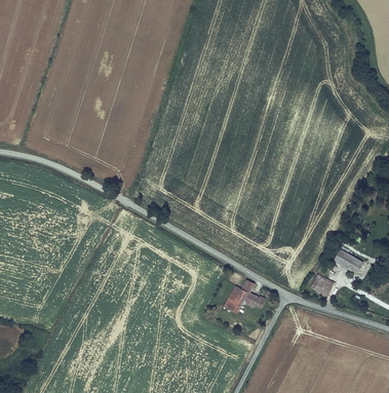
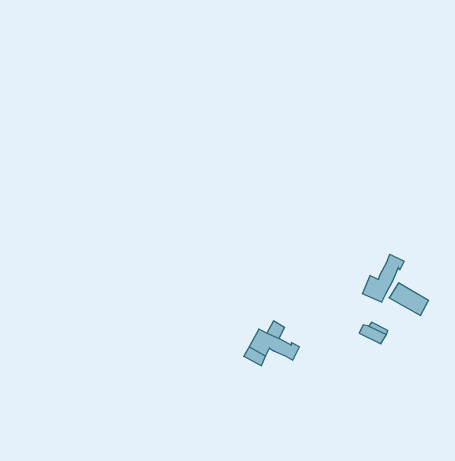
building: none -> [363,254,404,302]

